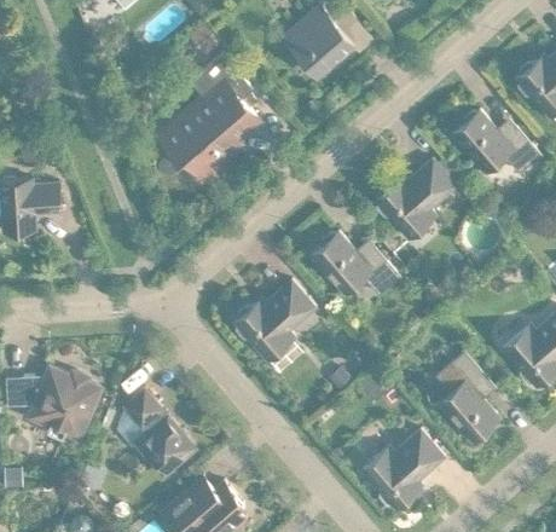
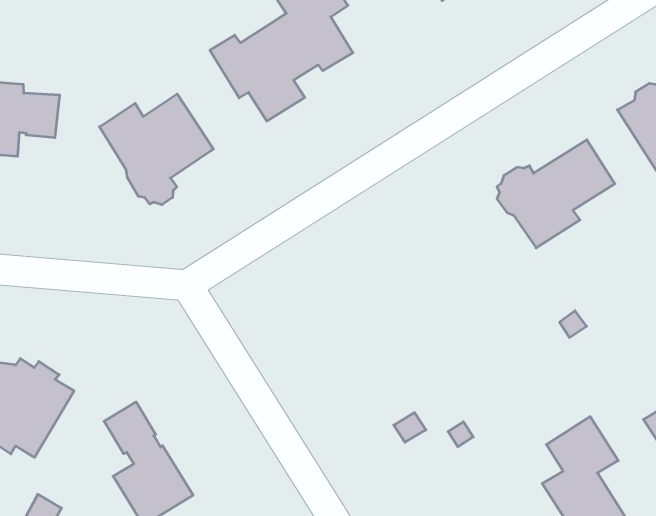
building: none -> [99,94,213,205]
building: [311,231,399,294] -> none
building: [233,279,315,360] -> none

